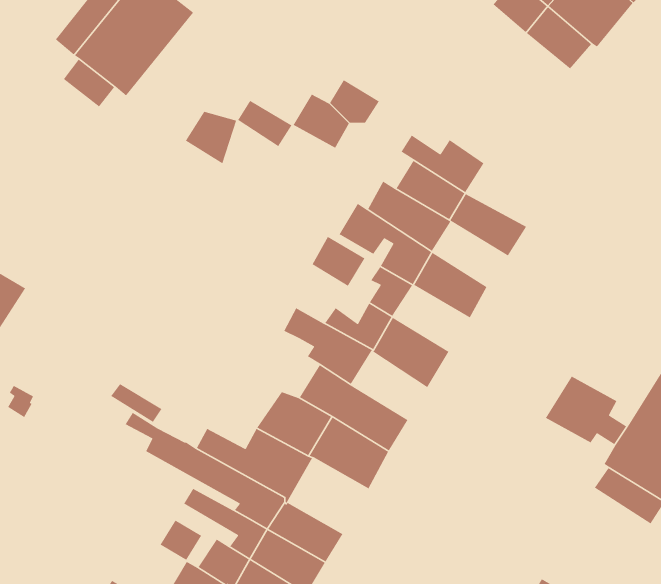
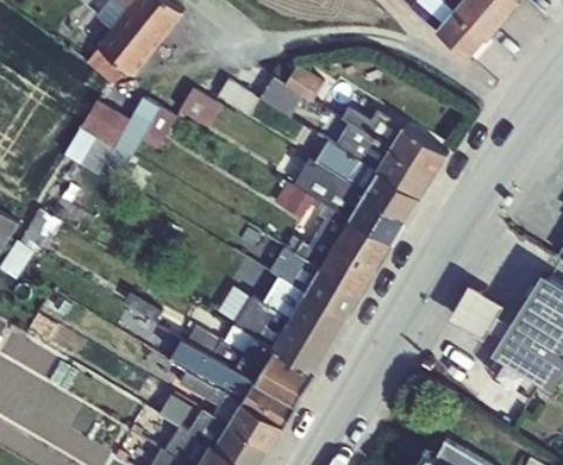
building: none -> [63,96,176,171]
building: none -> [388,127,446,175]
building: none -> [363,171,420,220]
building: none -> [333,219,392,269]
building: none -> [302,269,359,320]
building: none -> [255,348,315,406]

